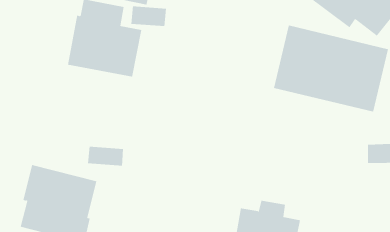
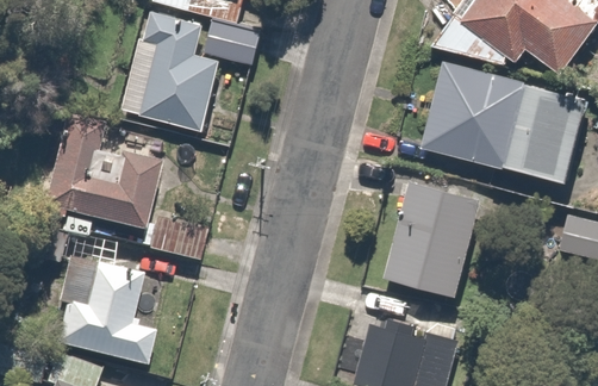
building: none -> [43,118,160,230]
building: none -> [398,183,484,297]

